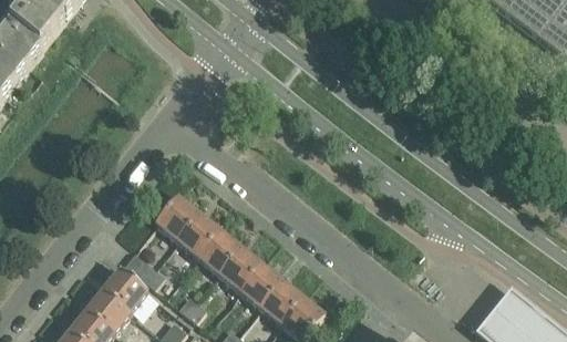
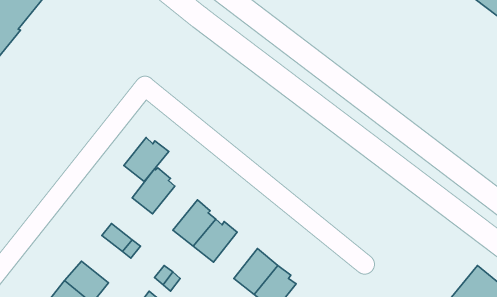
building: [174,211,220,257] -> [124,138,169,182]
building: [237,259,282,307] -> none
building: [101,267,145,311] -> none

